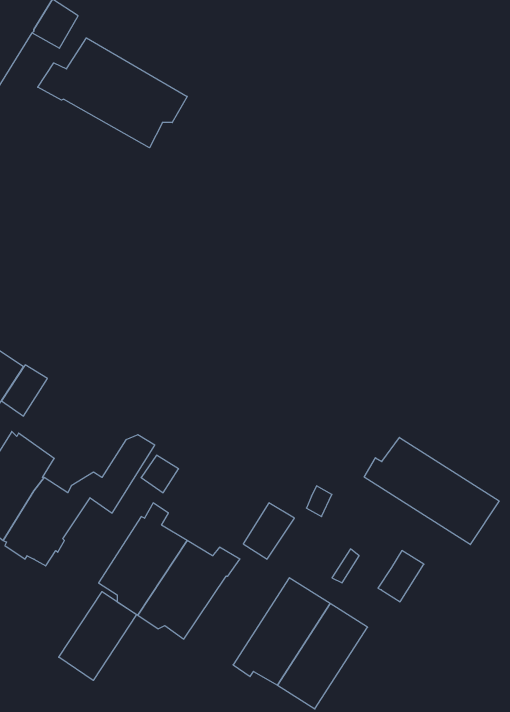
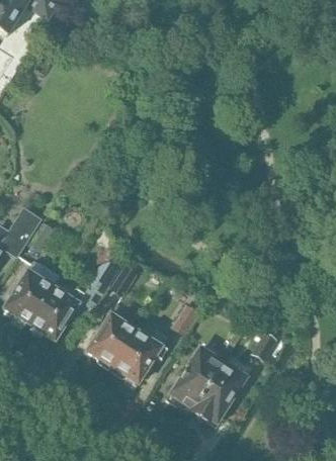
building: [38,38,187,148] -> none
building: [364,437,499,545] -> none
building: [59,592,137,680] -> none

